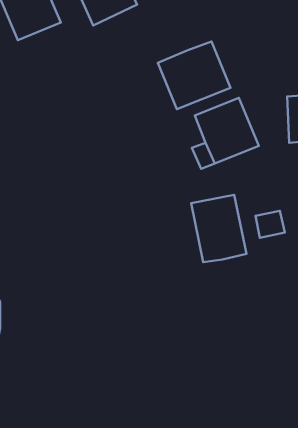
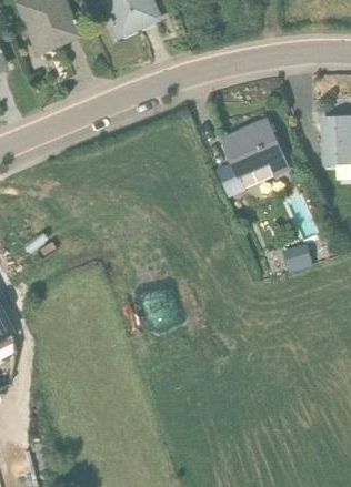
building: [158,41,230,109] -> none
building: [191,195,247,262] -> none

